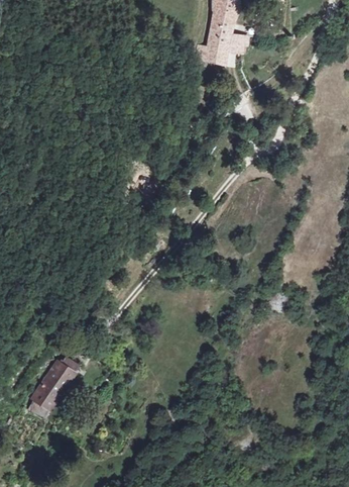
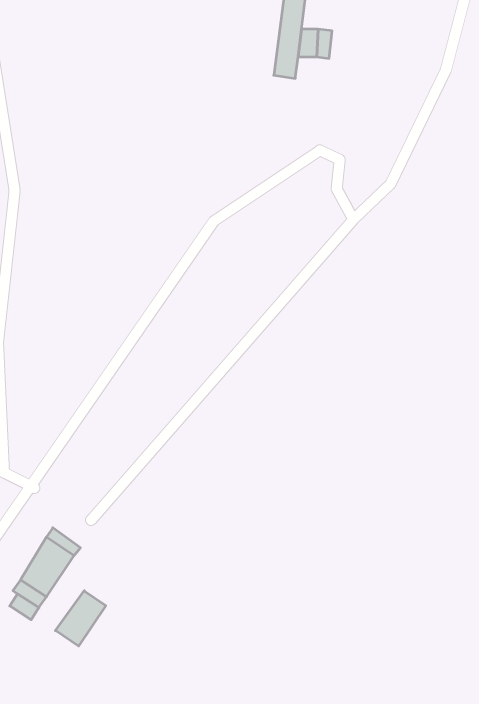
building: none -> [55,591,106,646]

